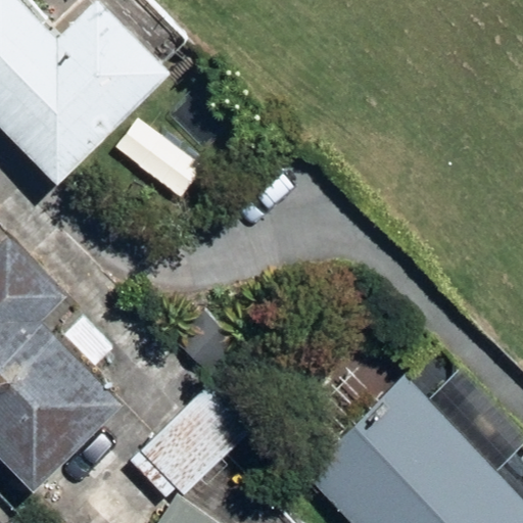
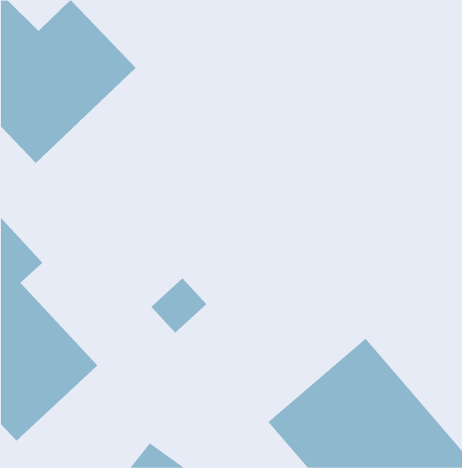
building: [132,389,248,495] -> none

